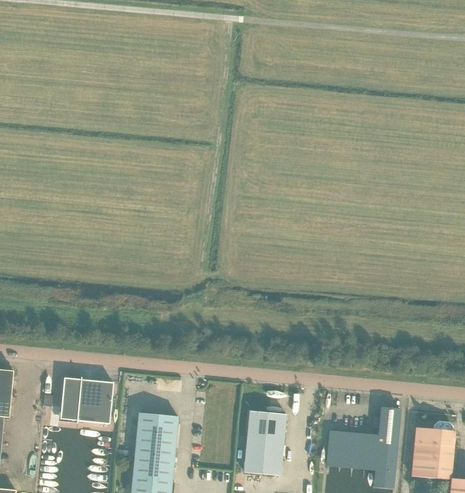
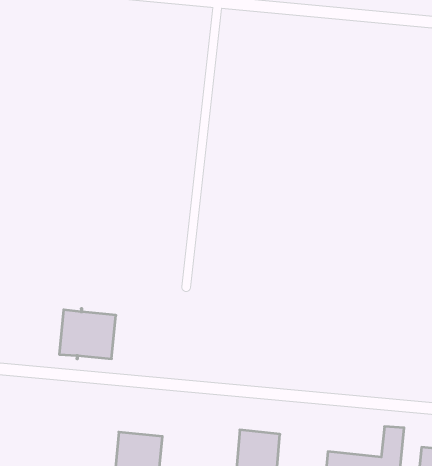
building: [60,377,112,423] -> [59,309,116,359]

